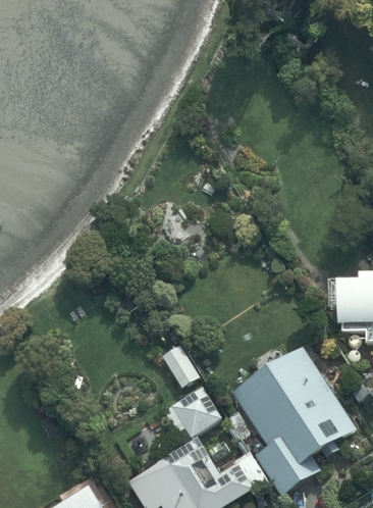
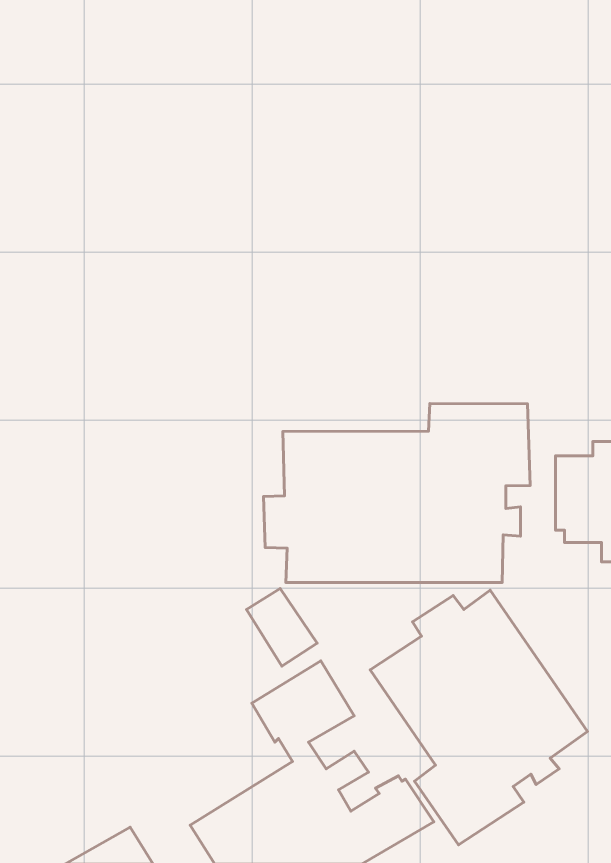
building: none -> [264,403,530,583]

